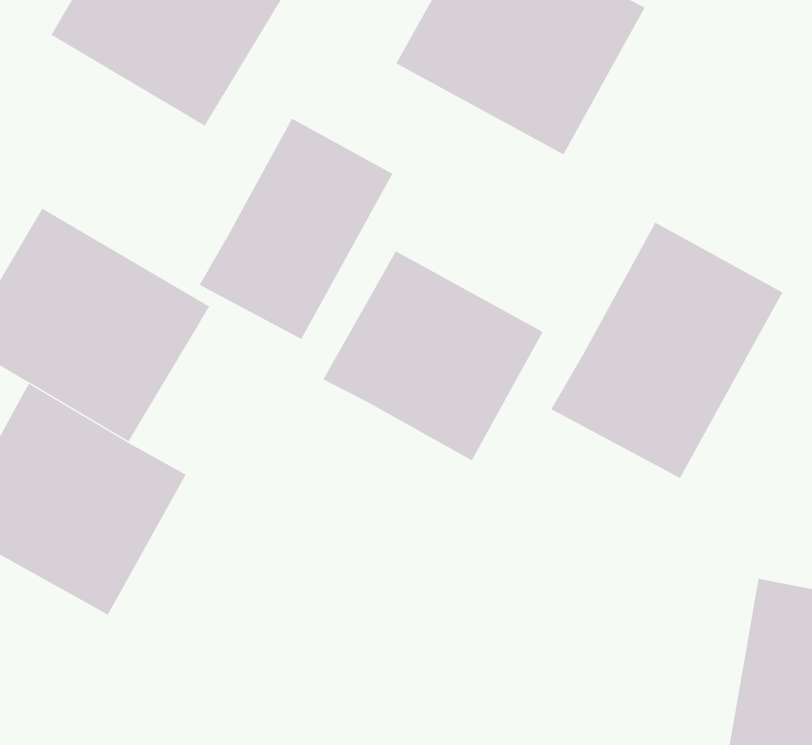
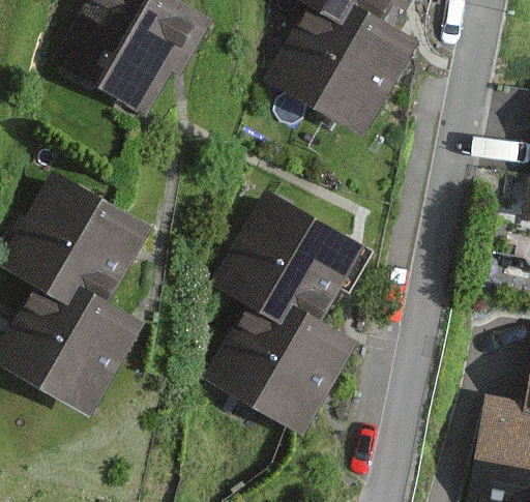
building: [199,118,393,340] -> none
building: [551,222,783,479] -> none
building: none -> [200,287,354,434]

